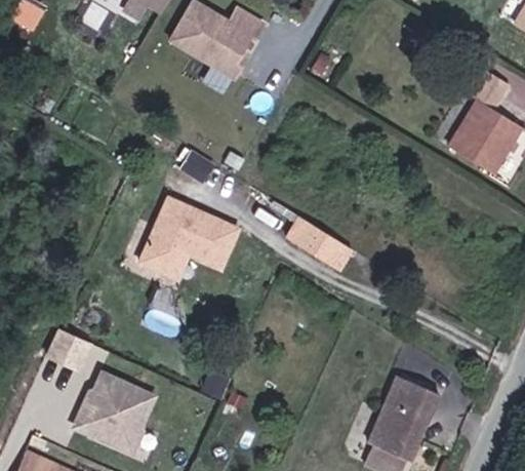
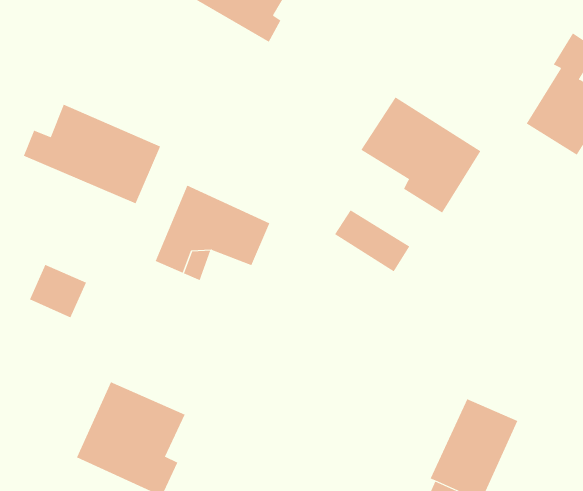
building: none -> [361,96,481,213]
building: none -> [23,104,161,204]
building: [48,323,96,368] -> [29,264,87,318]

